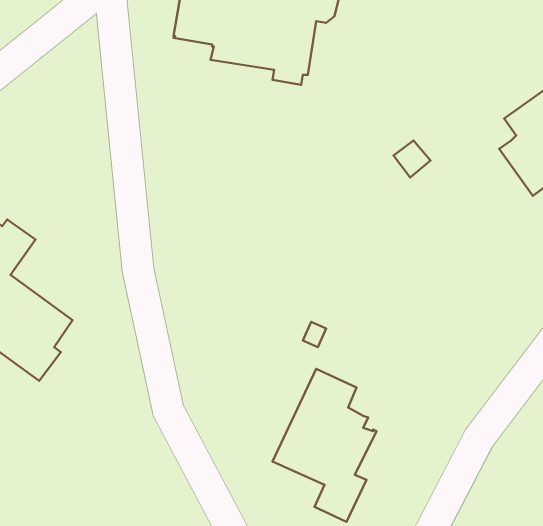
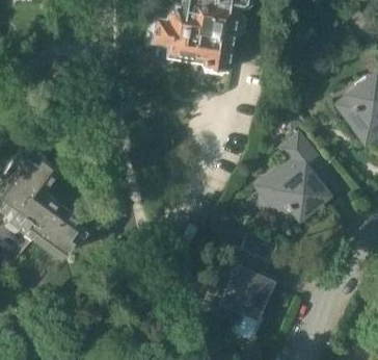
building: none -> [259,138,330,220]

